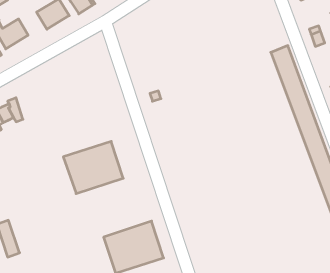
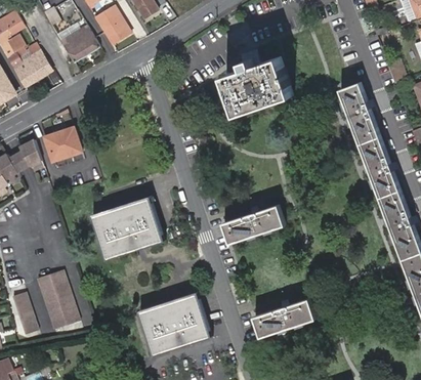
building: none -> [224,57,292,115]
building: none -> [43,129,80,162]
building: none -> [223,206,285,244]
building: none -> [37,269,79,329]
building: none -> [254,299,315,336]

